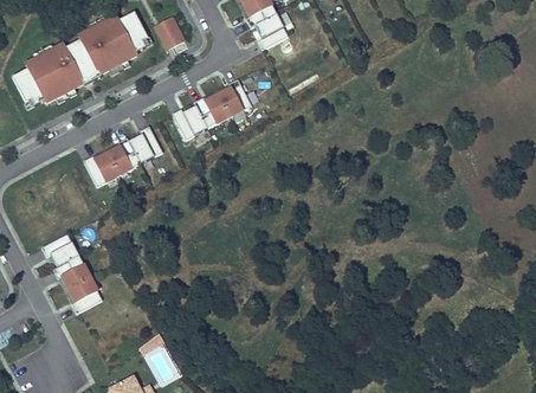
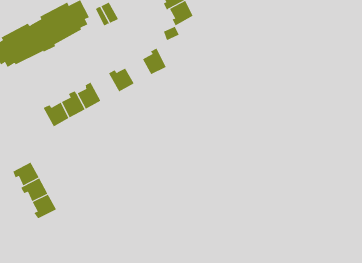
building: [194,94,230,127] -> none

